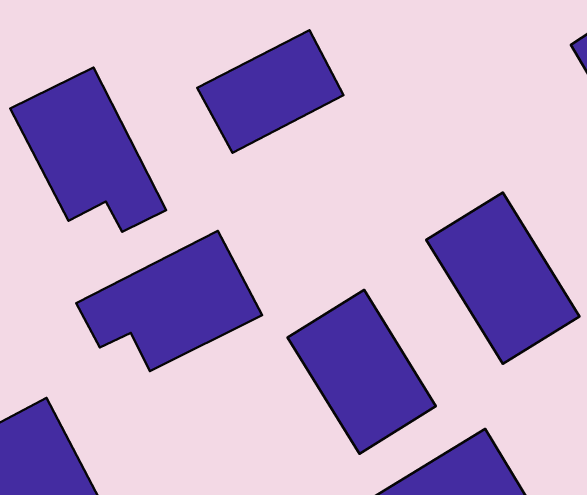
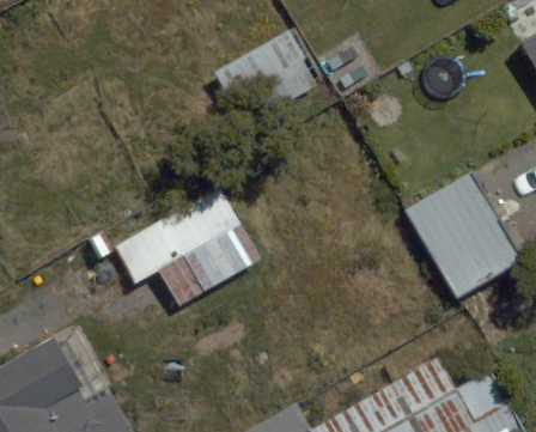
building: [10,68,166,232] -> none
building: [287,290,436,454] -> none

